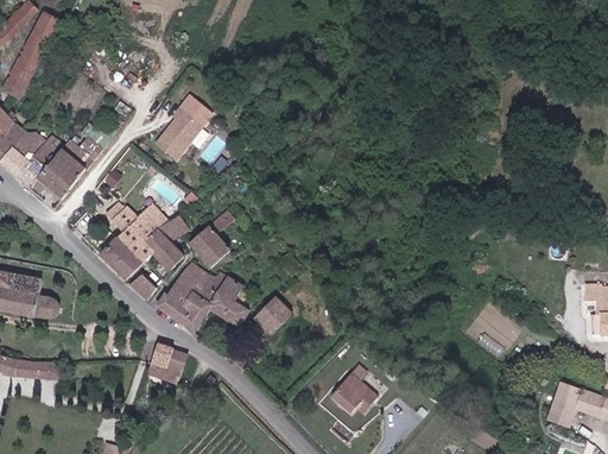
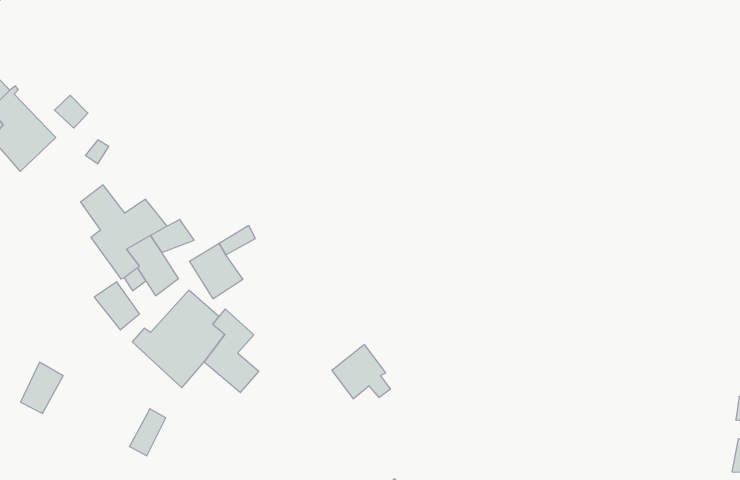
building: [154,94,211,157] -> none
building: [101,235,142,277] -> none
building: [254,297,297,336] -> [332,344,390,399]
building: [148,342,176,378] -> [20,362,63,414]

